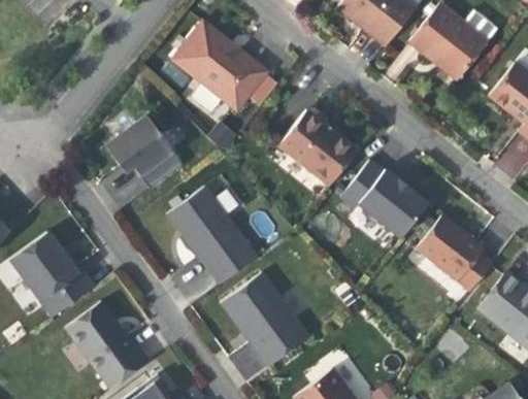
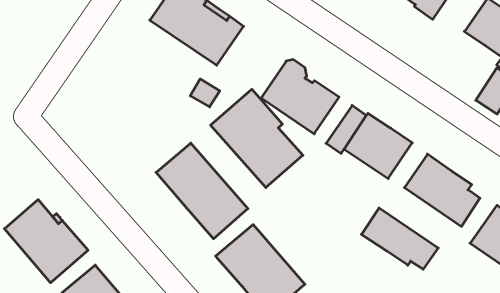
building: [105,115,184,190] -> none
building: none -> [211,89,303,188]
building: none -> [361,208,438,269]

